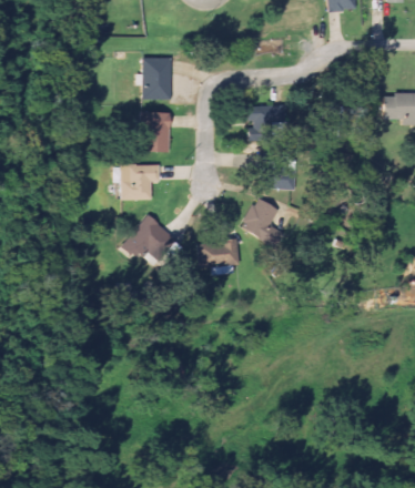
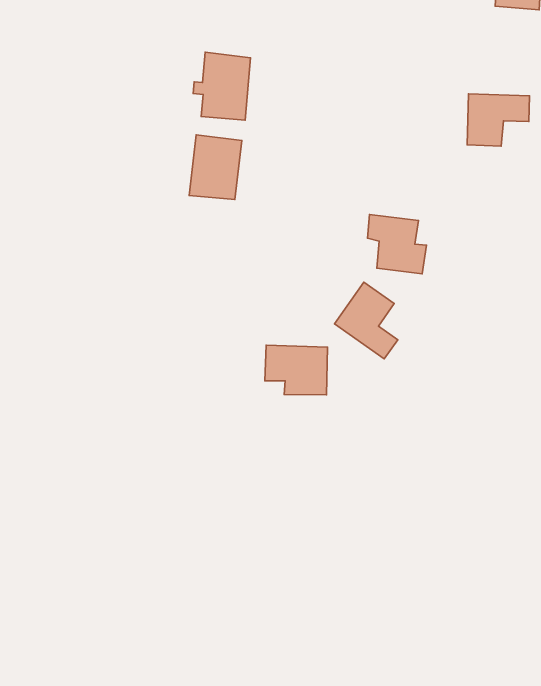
building: [246,104,287,140] -> [467,94,529,146]
building: [119,164,160,200] -> none
building: [119,214,176,260] -> none

